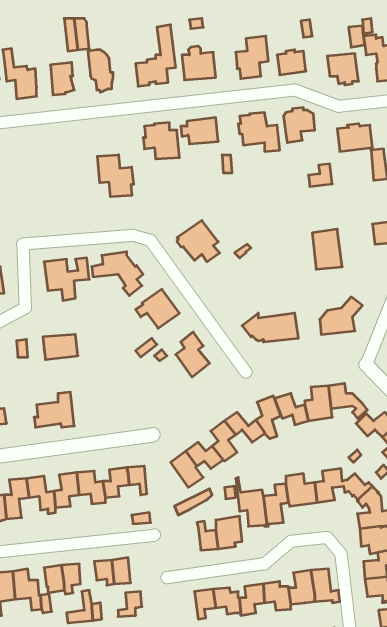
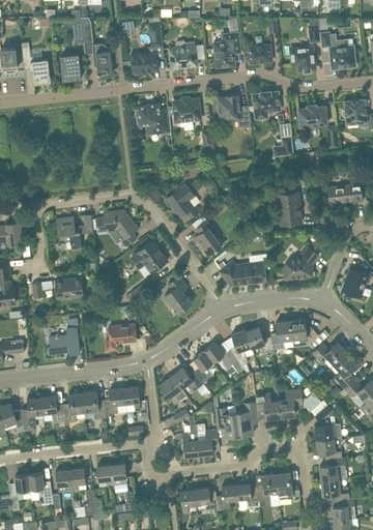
building: [97,155,134,197] -> none
building: none -> [194,220,222,256]
building: none -> [105,323,136,351]

